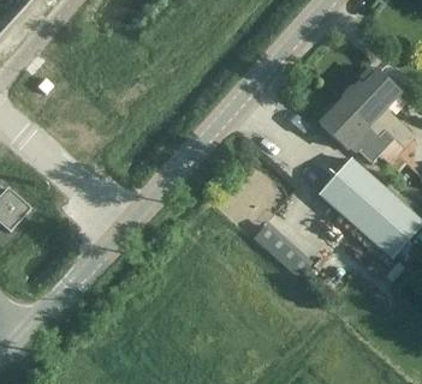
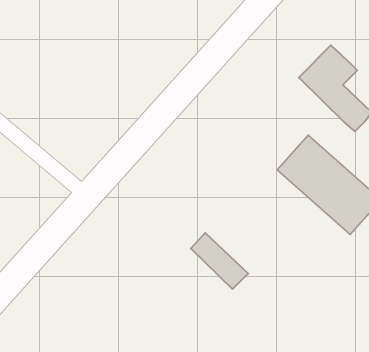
building: [319,100,397,162] -> none
building: [255,217,313,274] -> [191,233,248,289]

